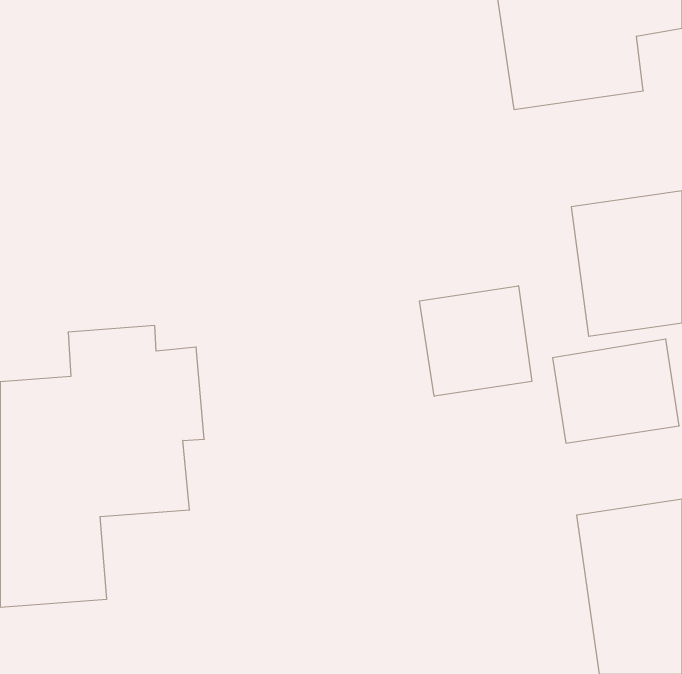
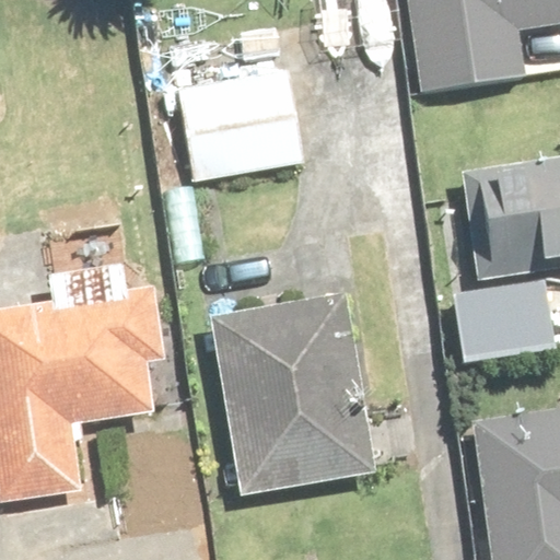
building: none -> [163,73,303,187]
building: [420,286,532,396] -> none
building: none -> [218,292,372,486]

